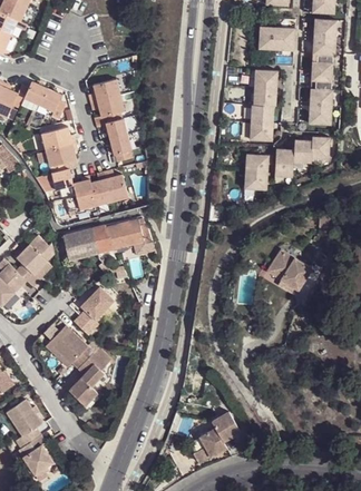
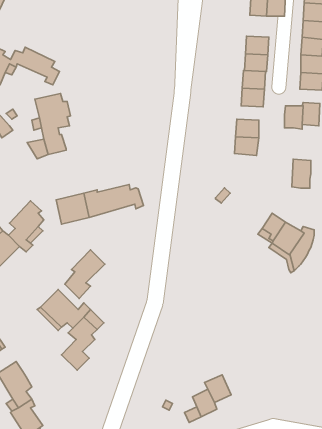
building: [89,80,133,164] -> none
building: [274,148,293,177] -> [292,159,311,188]
building: [66,170,128,209] -> none

